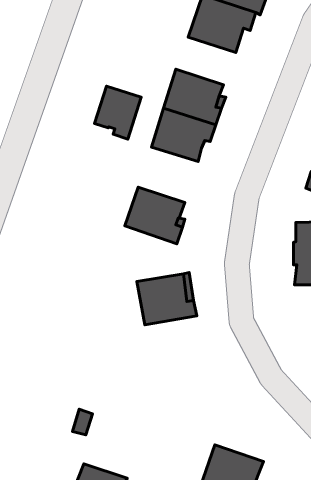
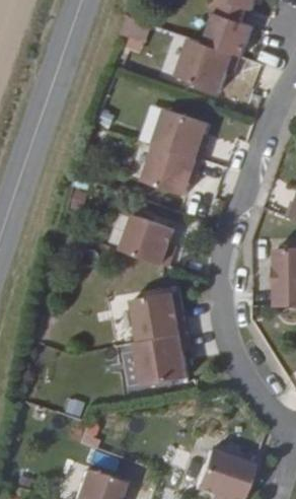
building: [94,86,141,139] -> none
building: none -> [134,334,188,388]

